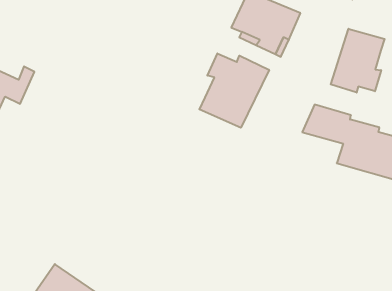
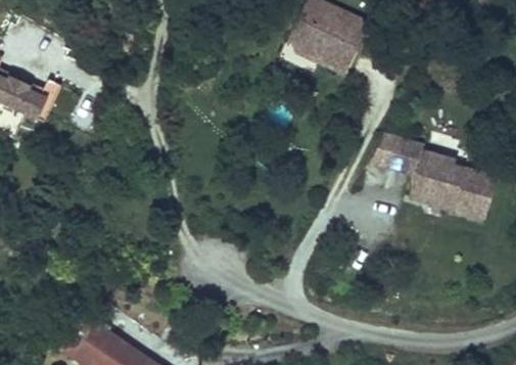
building: [331,29,385,93] -> none
building: [199,53,269,128] -> none

